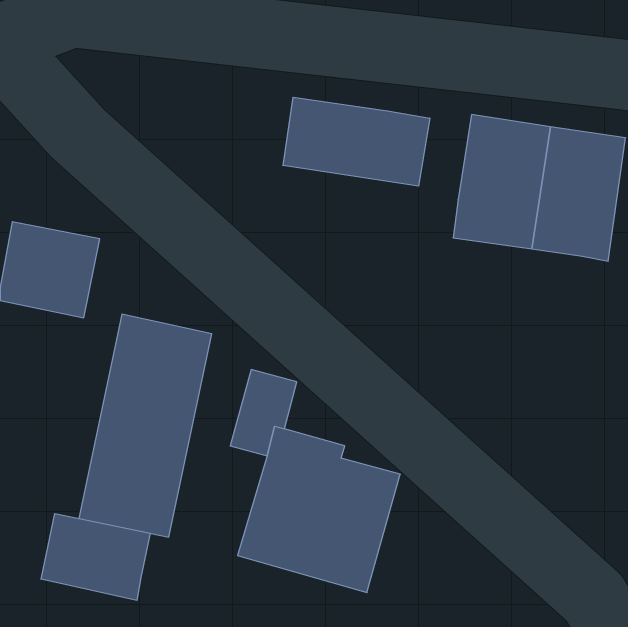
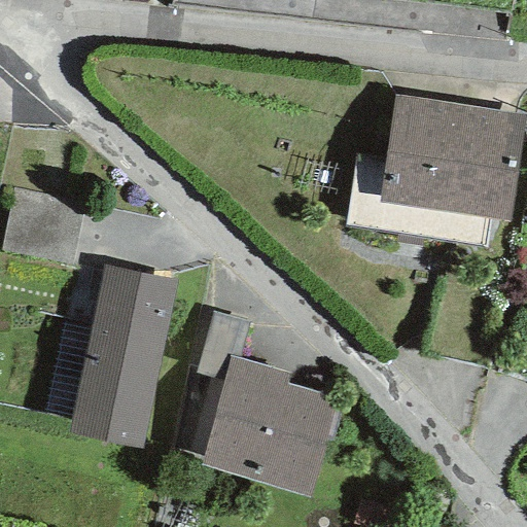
building: [283,97,430,186] -> none
building: [41,514,150,600] -> none

